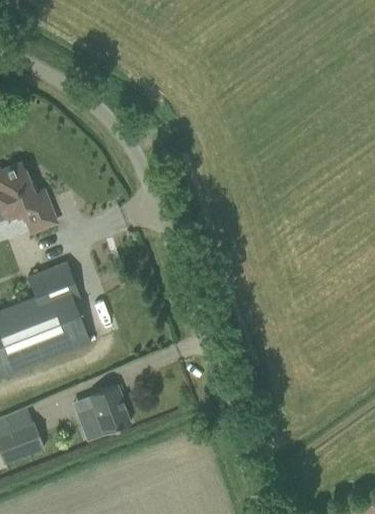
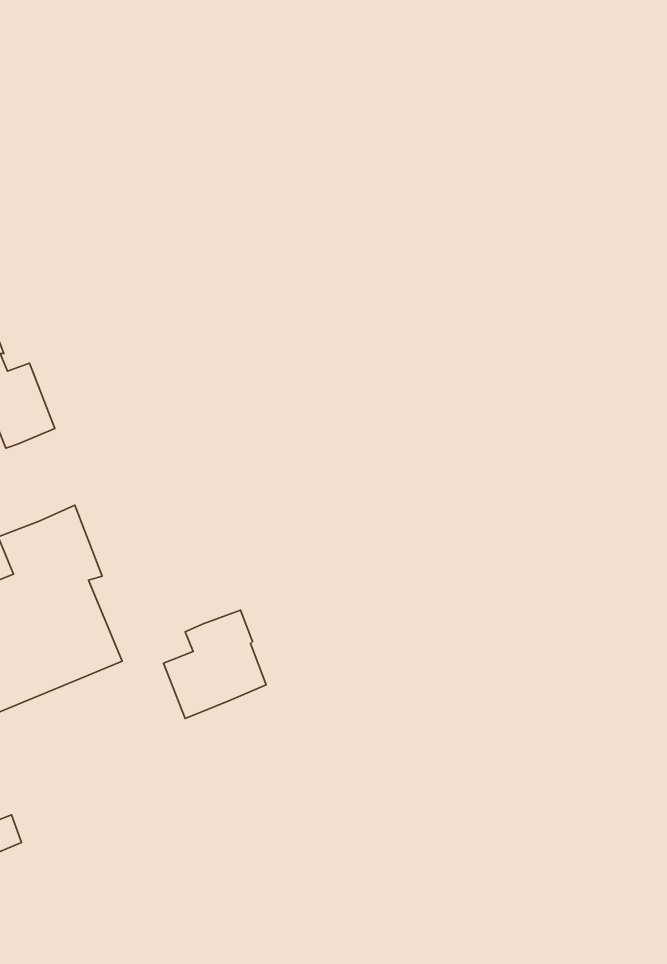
building: [77,384,130,440] -> [164,610,266,718]

